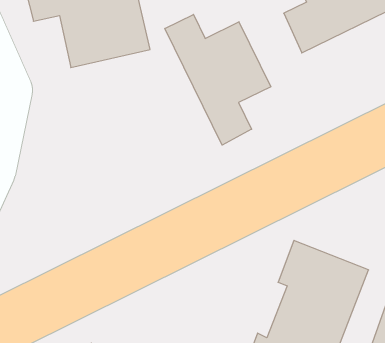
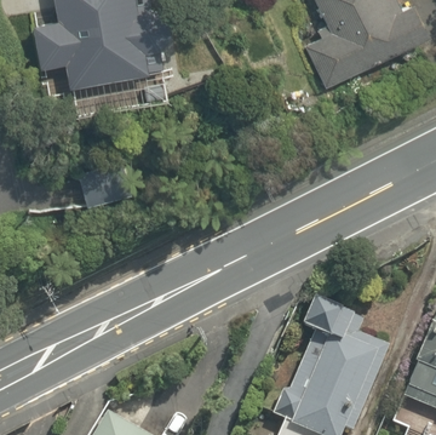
building: [165,14,271,145] -> none

